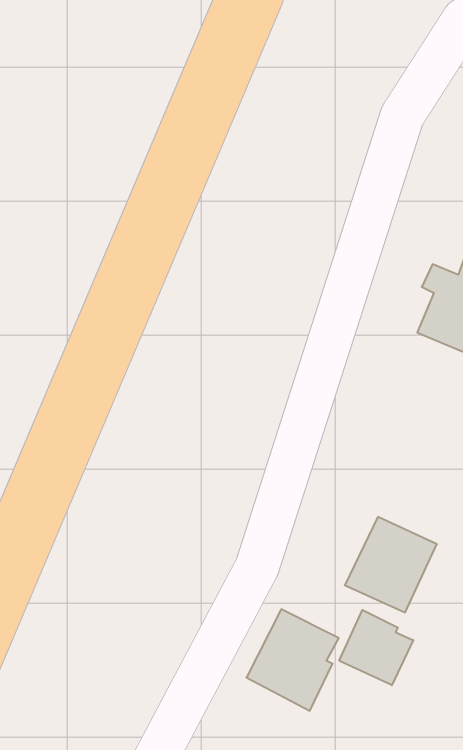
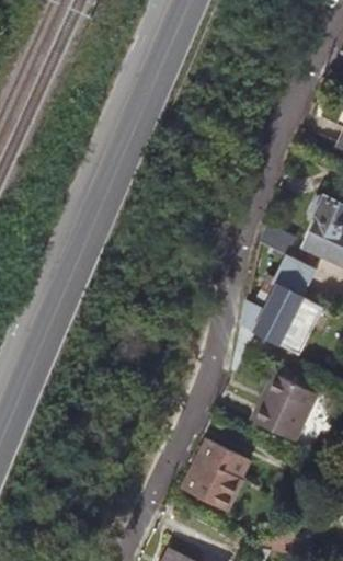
building: none -> [242,254,324,350]
building: [339,610,413,685] -> none

